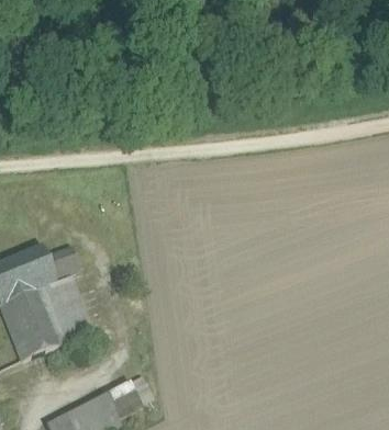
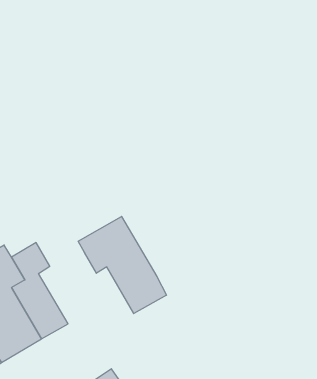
building: none -> [78,216,166,314]

